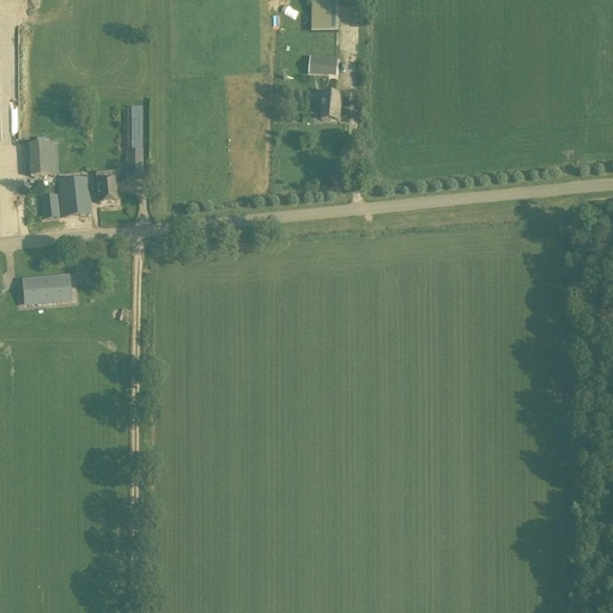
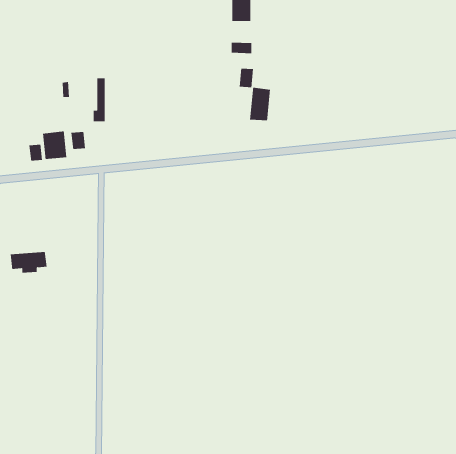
building: none -> [250,87,271,121]
building: [29,139,57,172] -> none
building: [19,273,69,302] -> [10,252,47,273]

